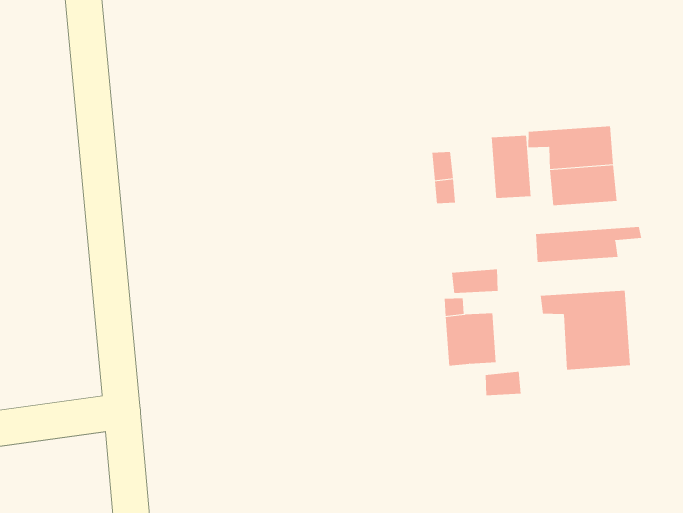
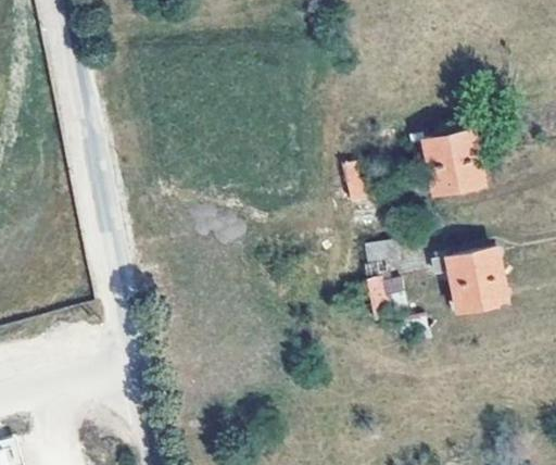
building: [491,135,531,199] -> none
building: [536,226,642,263] -> none

